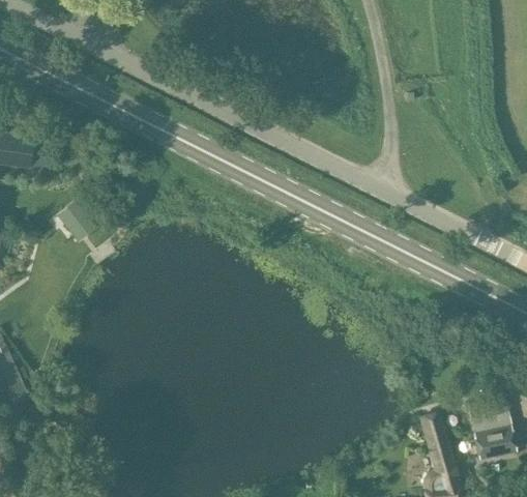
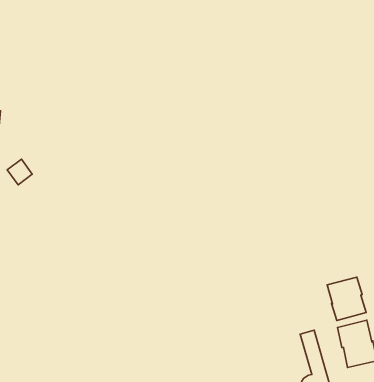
building: none -> [327,277,366,321]

